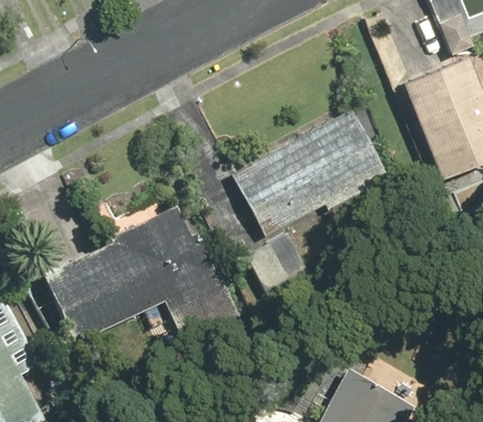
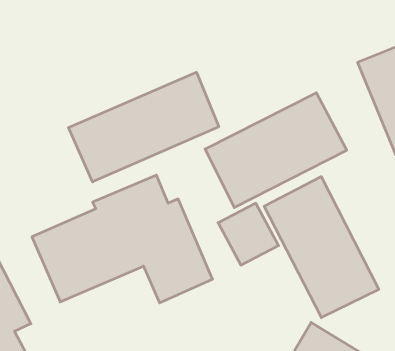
building: none -> [68,72,219,182]
building: none -> [264,177,379,318]

